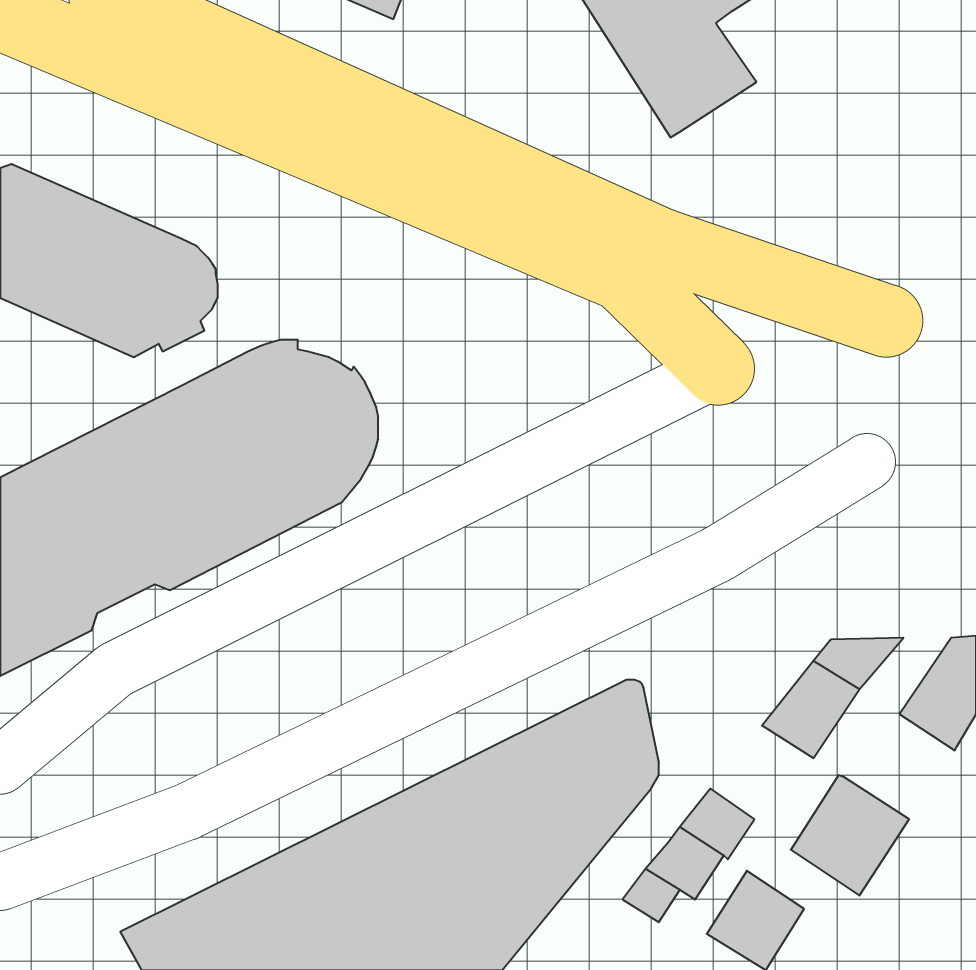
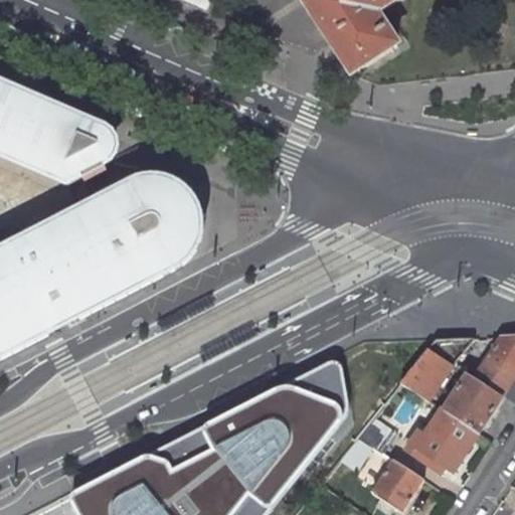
building: none -> [445,373,503,432]

